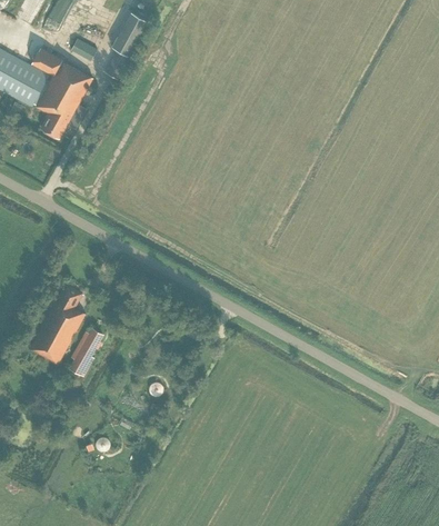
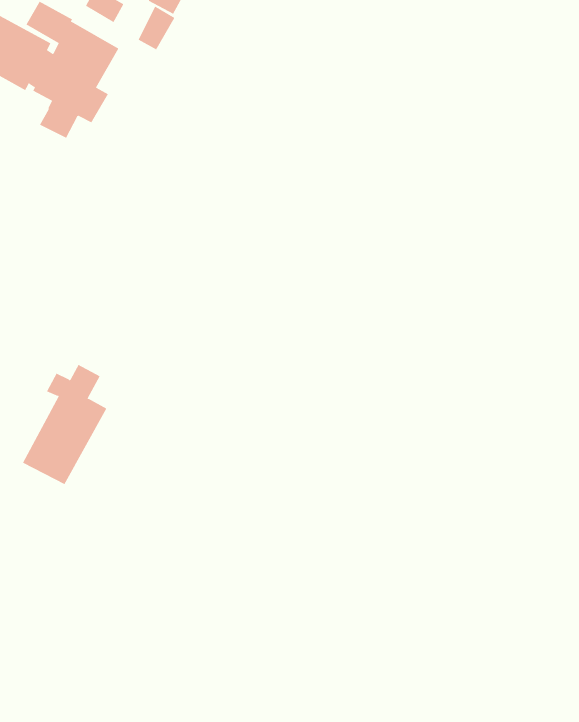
building: [68,327,103,376] -> none

